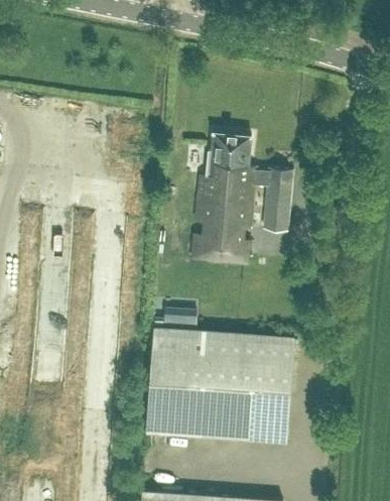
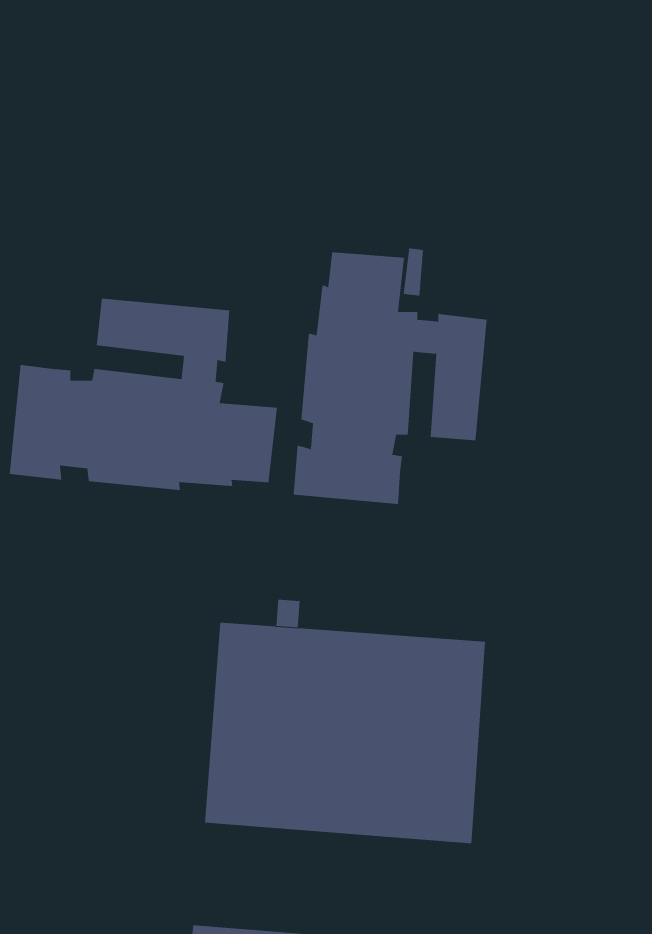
building: none -> [9,298,277,491]

